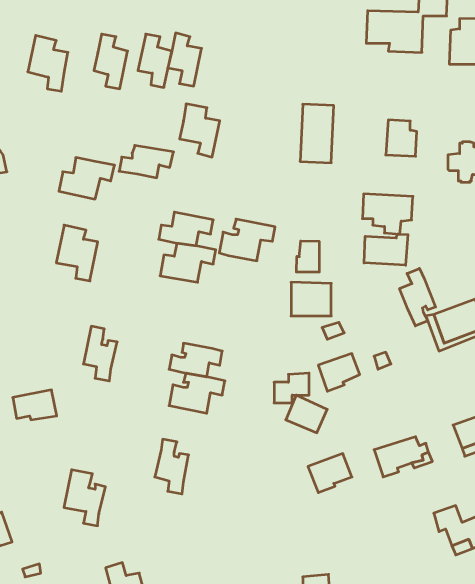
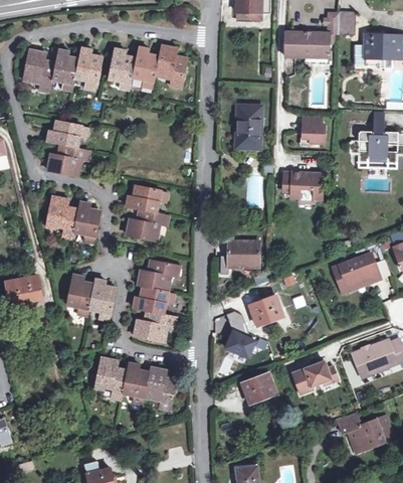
building: none -> [51,49,77,92]
building: [180,104,220,157] -> [155,46,186,88]
building: [119,145,174,178] -> [46,122,88,147]
building: [219,219,275,261] -> [137,260,180,292]
building: none -> [73,202,99,244]
building: [364,234,408,265] -> none
building: [296,241,319,272] -> none
building: [400,268,436,326] -> none
building: none -> [87,280,115,321]
building: [13,390,57,420] -> [7,277,41,300]
building: none -> [144,366,176,411]
building: [64,470,105,526] -> [94,357,127,400]

